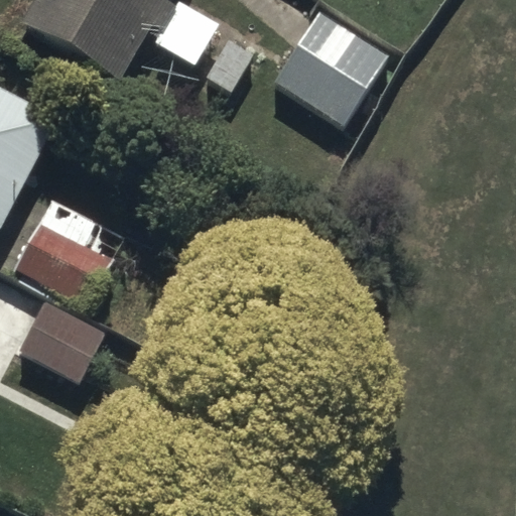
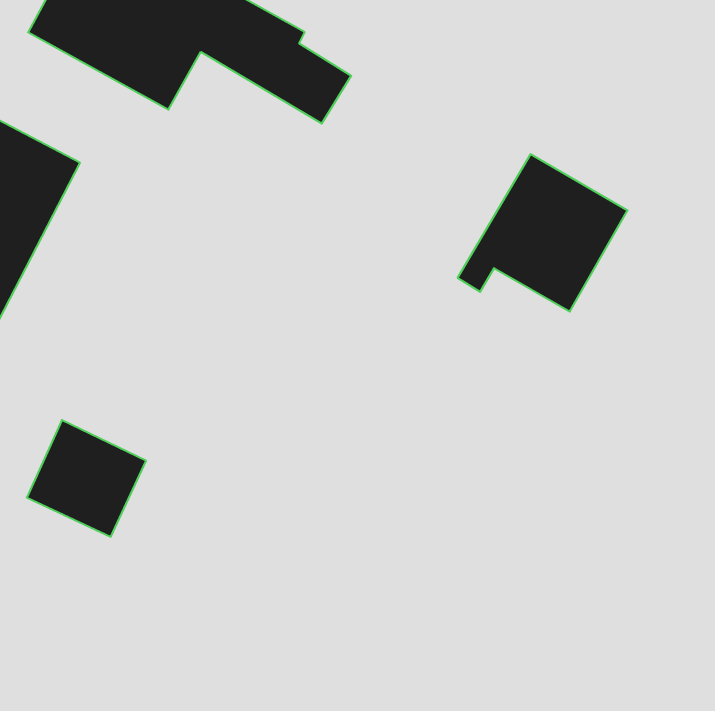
building: [265,11,387,124] -> [458,154,628,312]
building: [10,219,114,315] -> none

